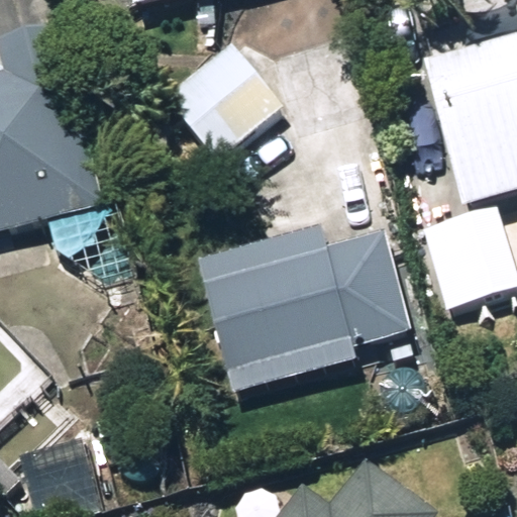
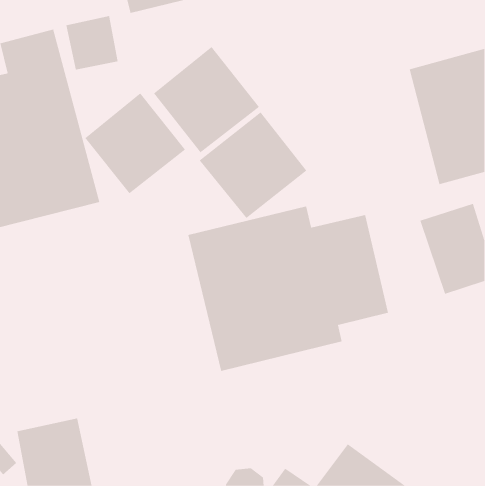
building: none -> [85,92,186,194]
building: none -> [199,111,307,219]

